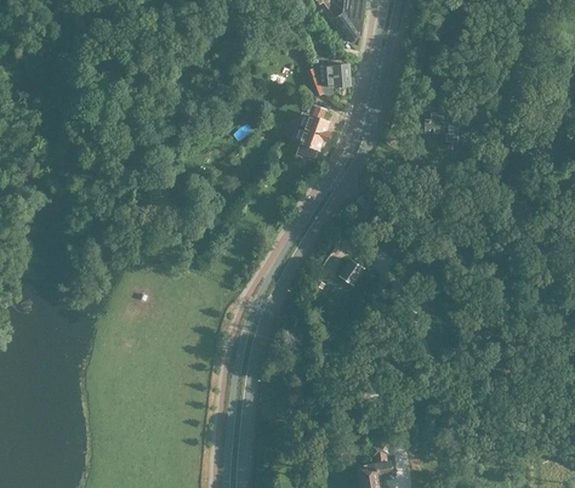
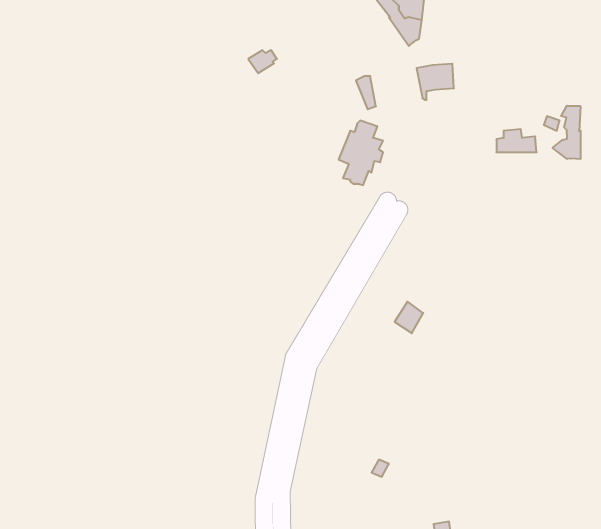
building: [319,64,351,95] -> [417,64,454,100]
building: none -> [553,106,580,159]

